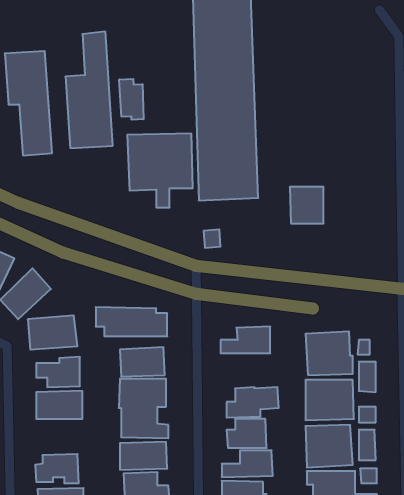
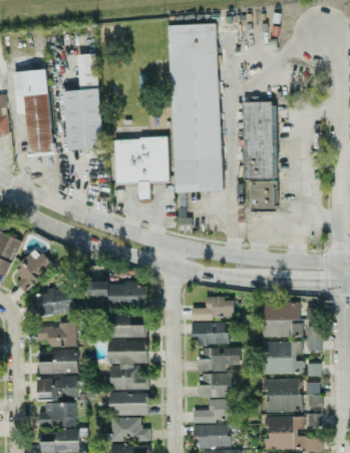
building: [119,79,144,120] -> none
building: none -> [243,101,275,178]
building: none -> [193,322,228,344]
building: none -> [39,375,77,401]

